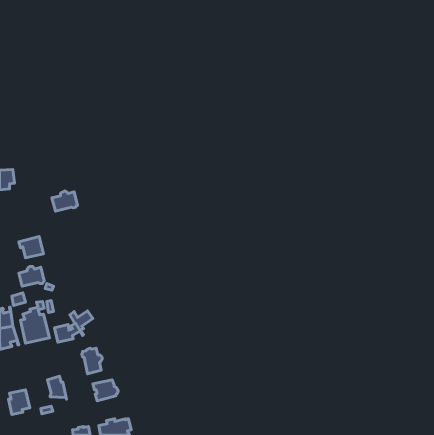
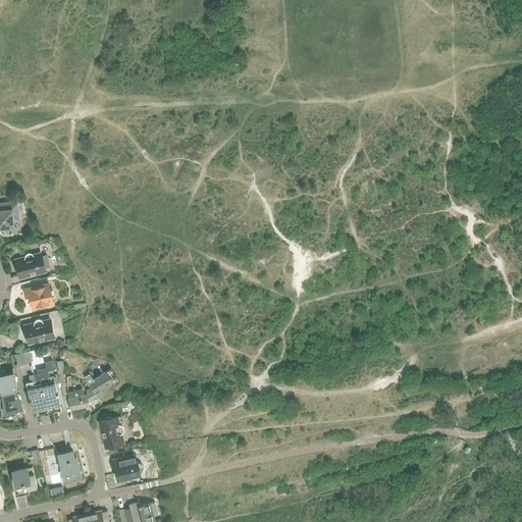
building: [52,191,78,211] -> [13,253,44,277]

